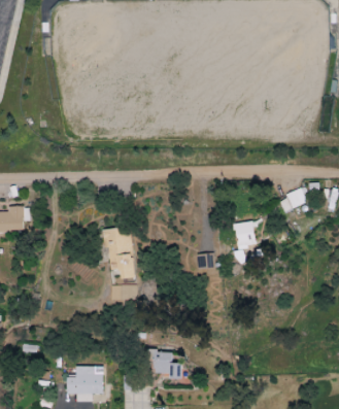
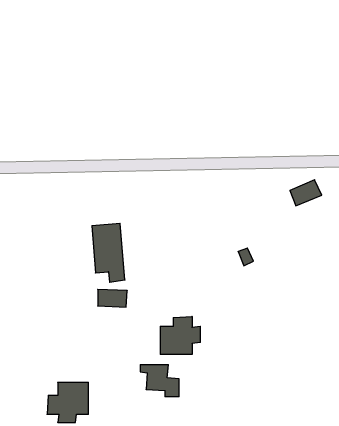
building: [233,220,257,247] -> none
building: none -> [160,316,200,354]

